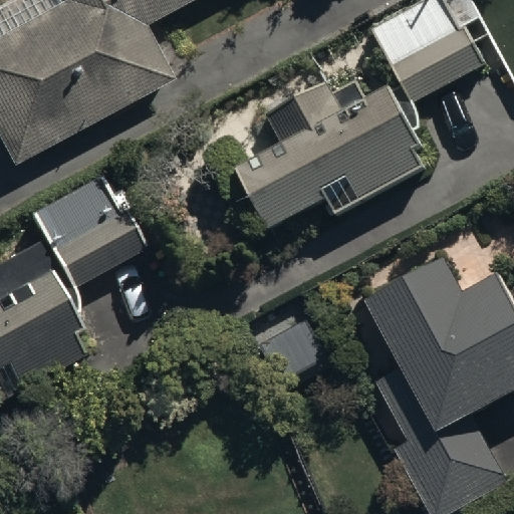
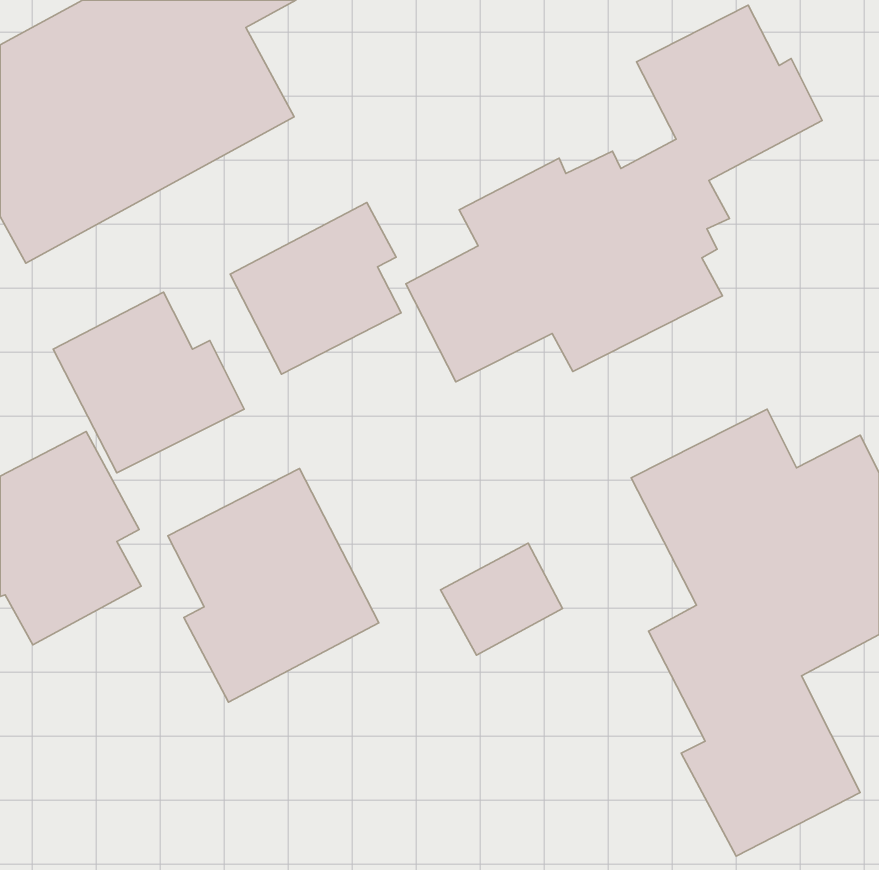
building: none -> [230,203,401,374]
building: none -> [168,468,379,702]

